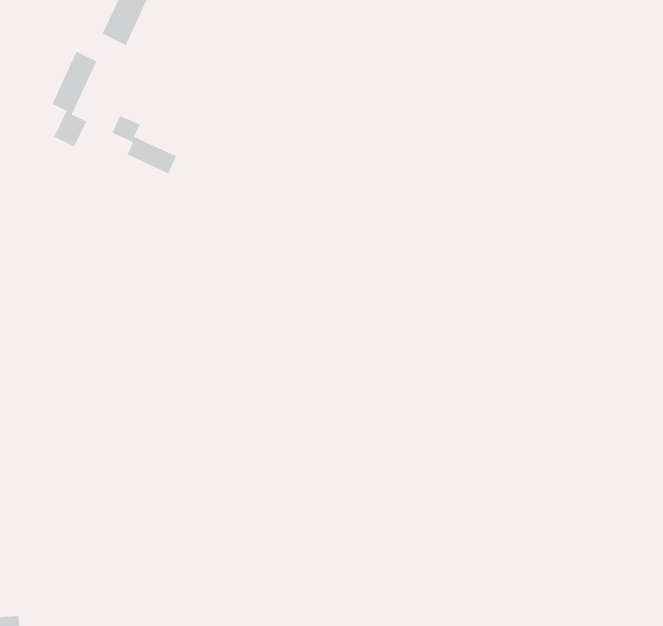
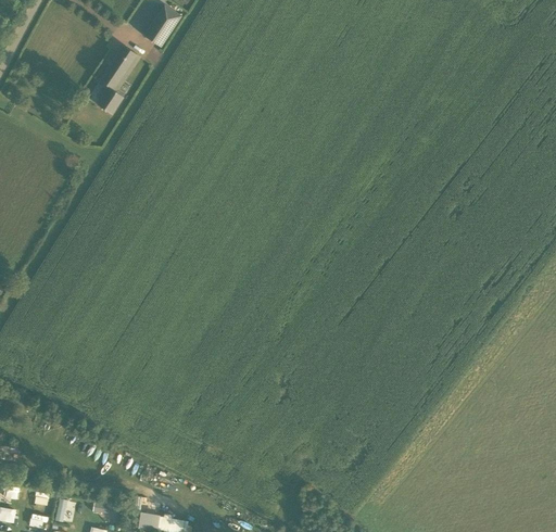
building: [112,115,177,174] -> none

